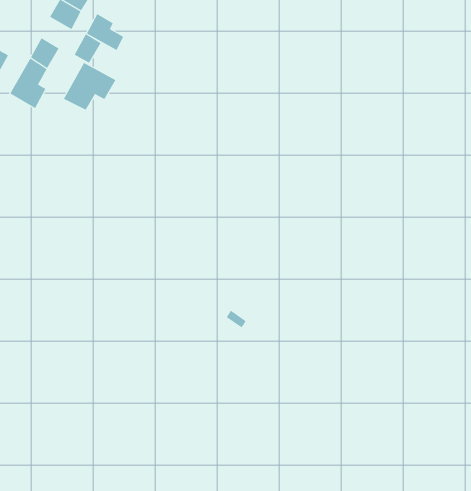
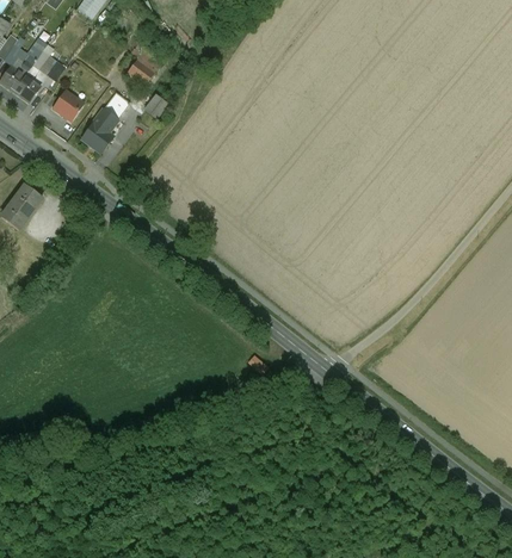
building: [86,13,124,51] -> none
building: [63,62,116,111] -> none

